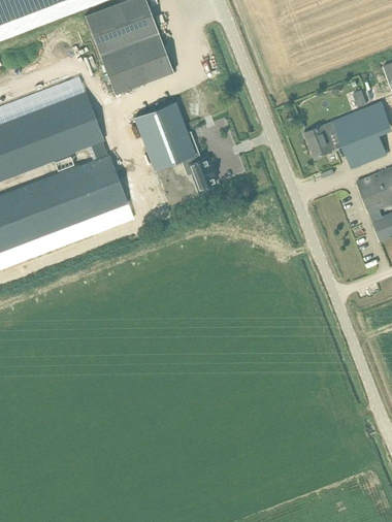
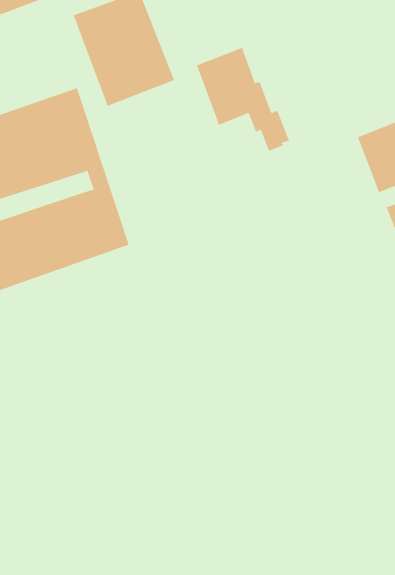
building: [134,100,216,191] -> [196,47,290,152]
building: [304,125,334,157] -> none

